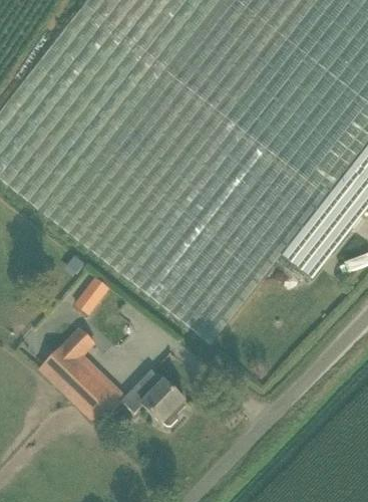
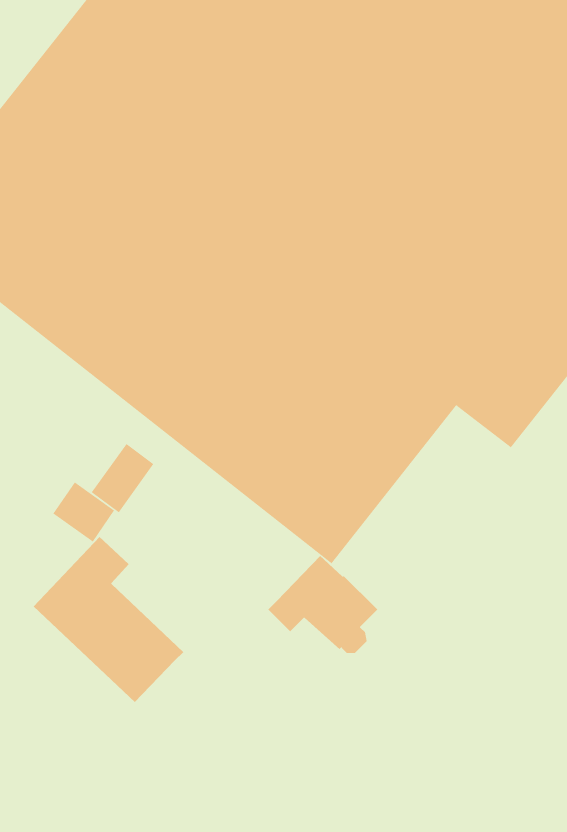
building: none -> [53,482,115,542]
building: [120,367,183,424] -> [267,555,378,653]

